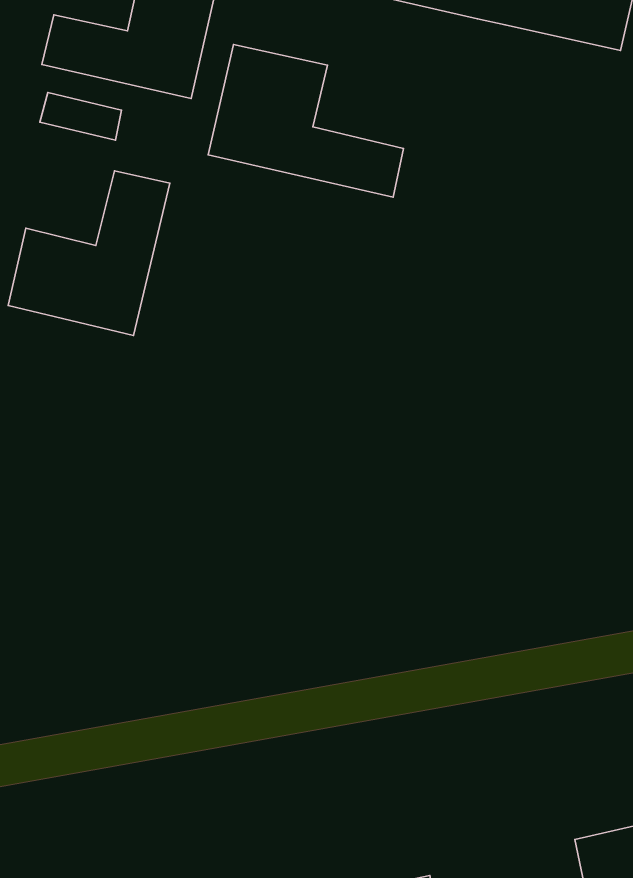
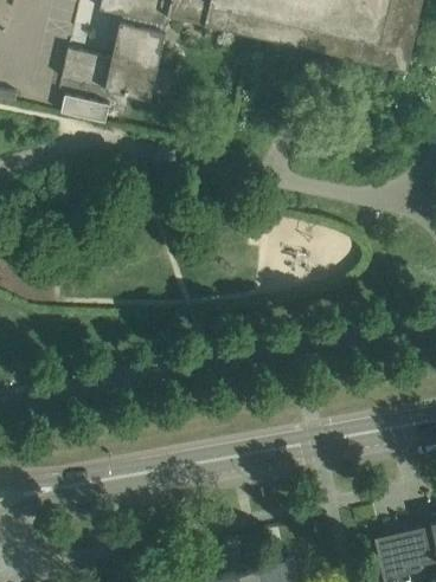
building: [208,44,404,197] -> none
building: [8,171,170,335] -> none

